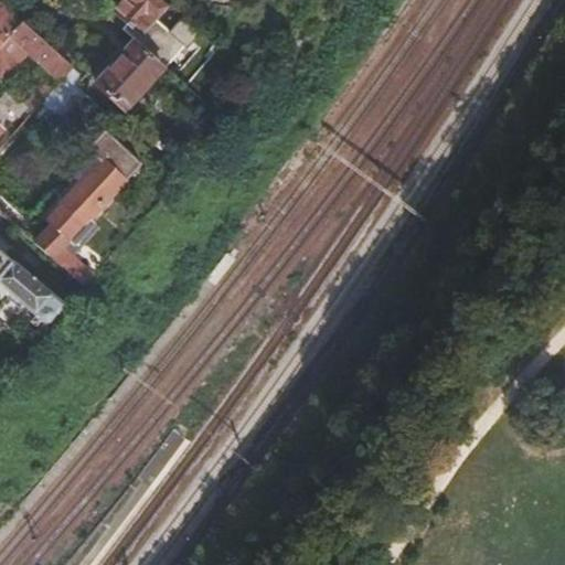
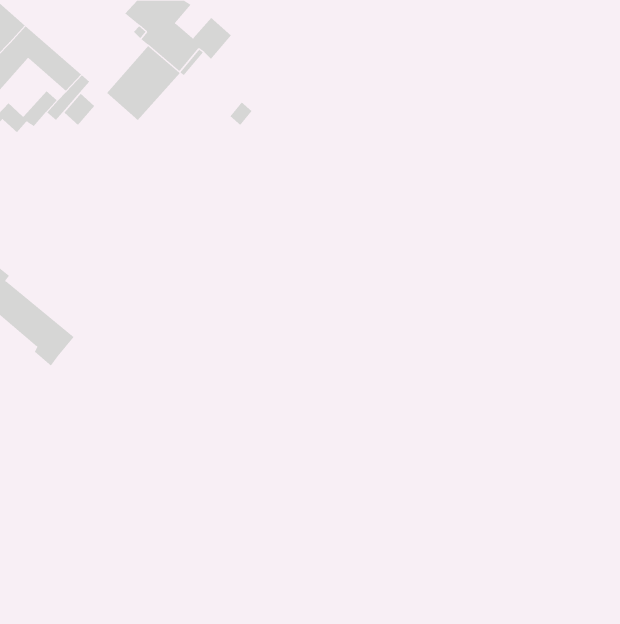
building: [62,131,137,223] -> none
building: [34,224,87,281] -> none

